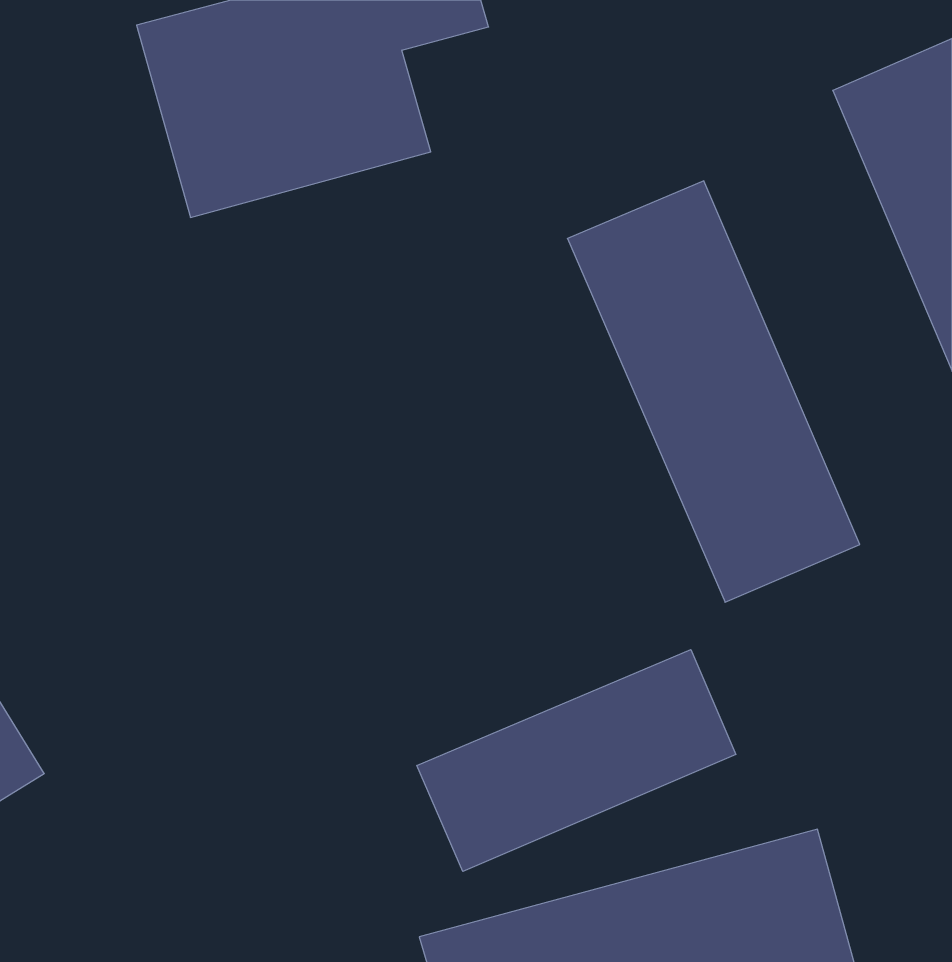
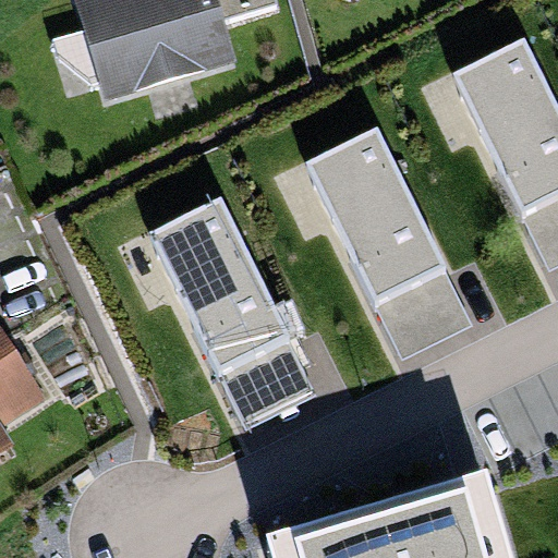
building: none -> [169,186,335,426]
building: [417,650,736,871] -> none

